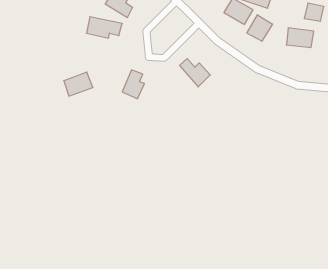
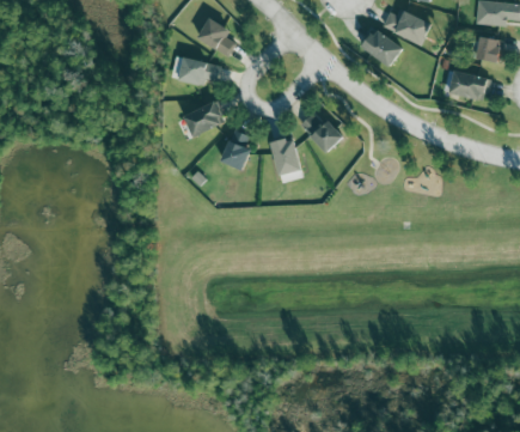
building: [247,15,273,41] -> none
building: [64,72,93,96] -> [183,102,224,135]
building: none -> [271,138,301,183]

